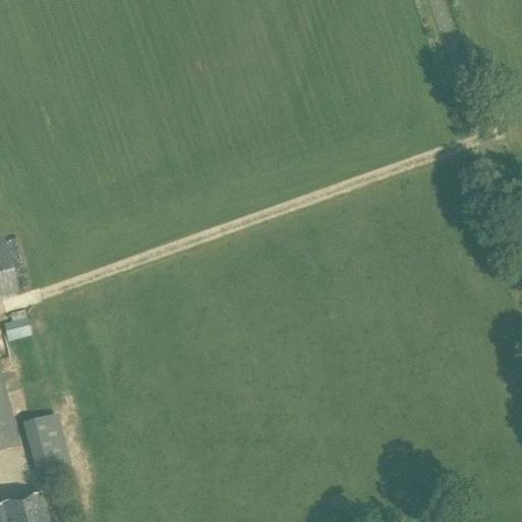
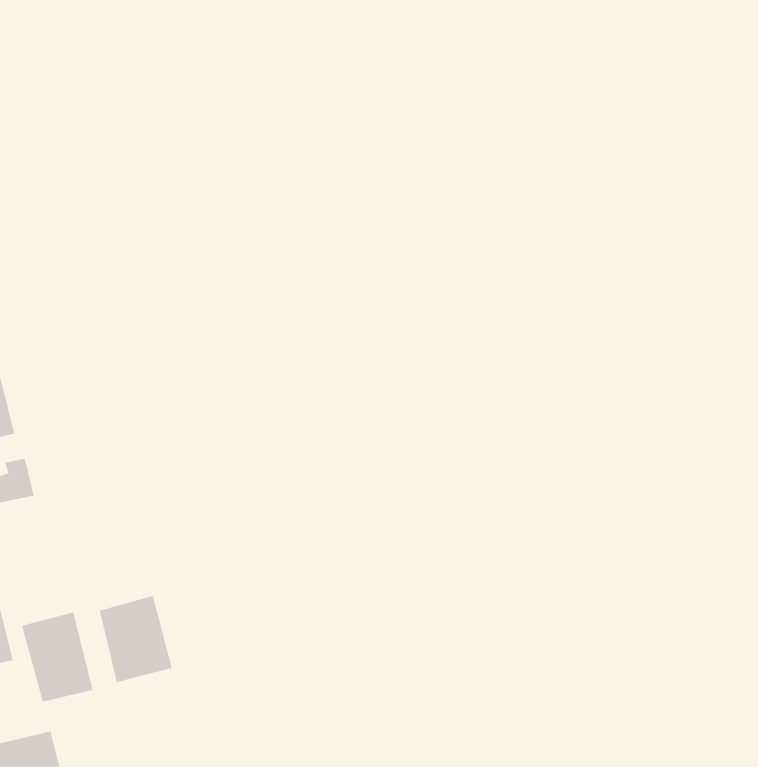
building: none -> [99,595,172,683]

